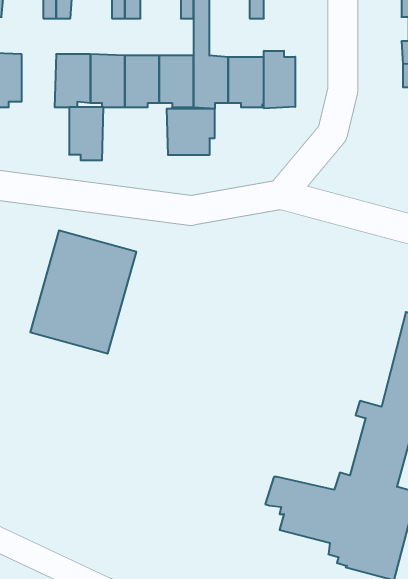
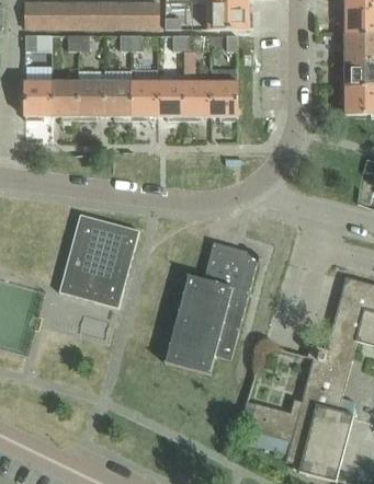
building: [264,51,295,108] -> none
building: [69,107,103,160] -> [52,79,78,119]
building: [167,109,214,155] -> none
building: none -> [163,241,263,374]

